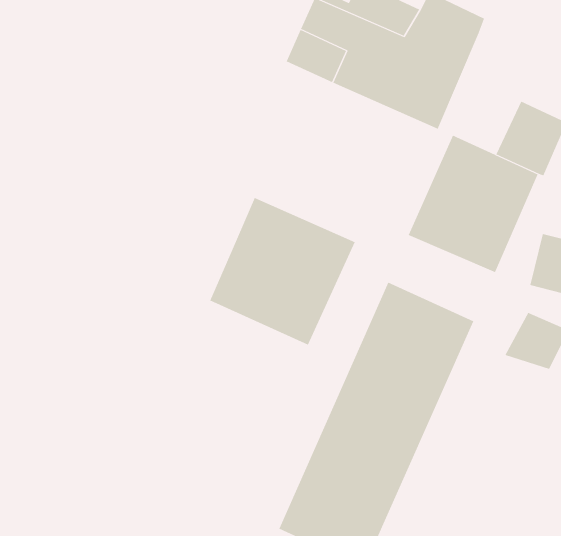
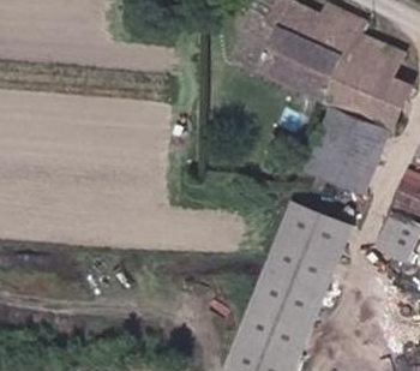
building: none -> [330,32,398,114]
building: [210,197,356,345] -> none

